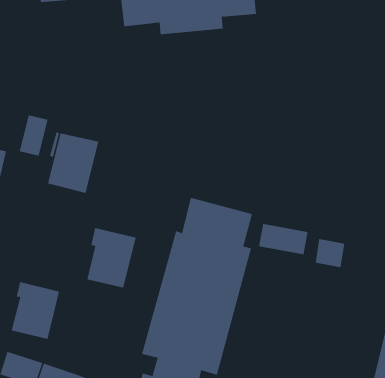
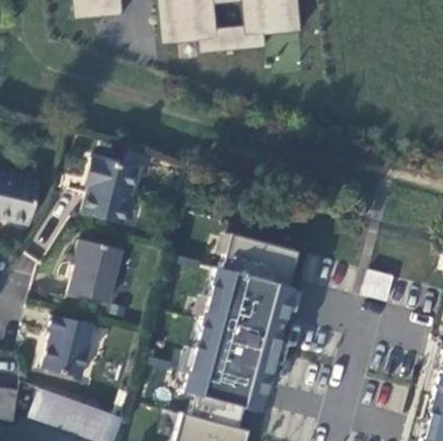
building: [19,114,48,157] -> none
building: [259,223,308,255] -> none
building: [87,228,137,288] -> [69,240,122,304]

